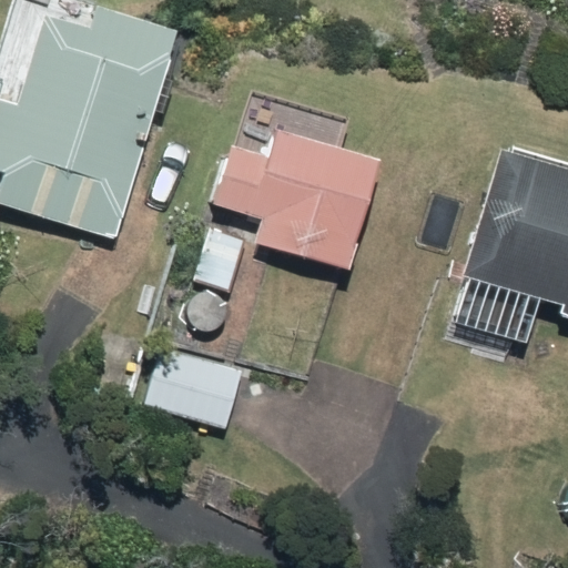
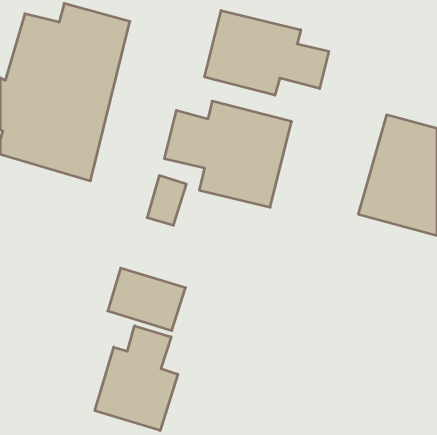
building: none -> [205,10,329,95]
building: none -> [95,326,178,431]

